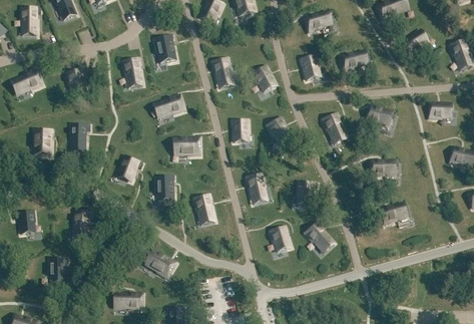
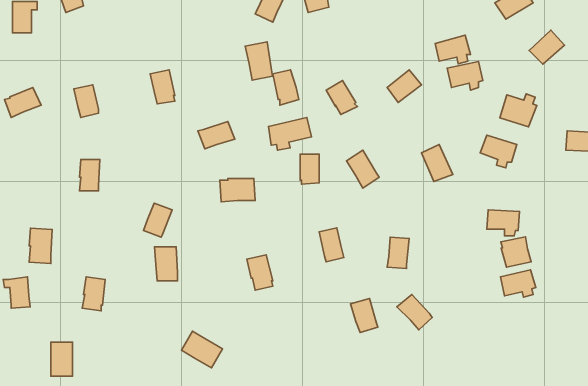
building: [306,13,332,34] -> [435,35,471,64]
building: [155,35,175,63] -> [245,42,272,80]
building: none -> [500,94,537,127]
building: none -> [269,118,312,150]
building: [34,129,51,155] -> [29,228,52,263]
building: [156,177,173,202] -> [154,247,178,281]
building: none -> [501,237,531,267]

